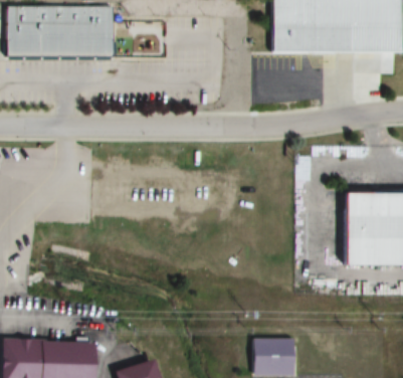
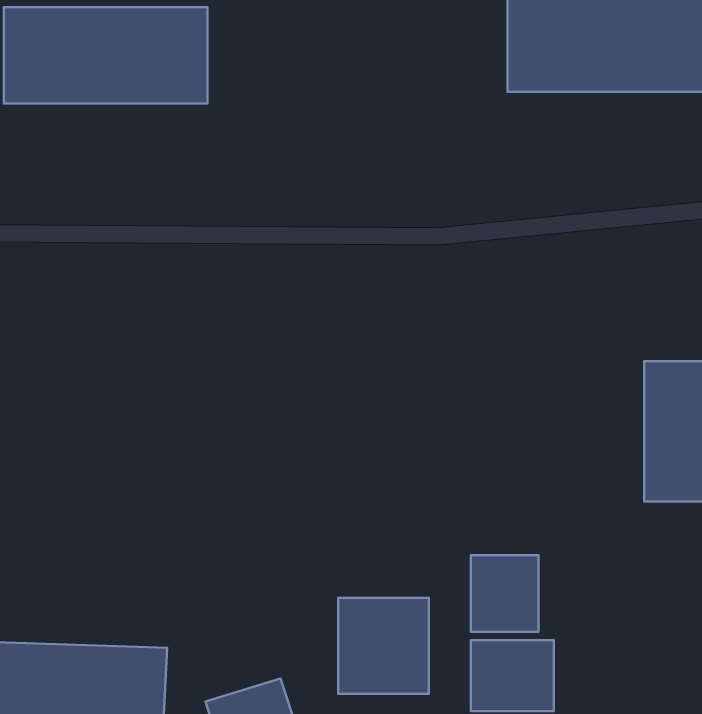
building: none -> [471,555,538,632]
building: none -> [338,598,429,694]

